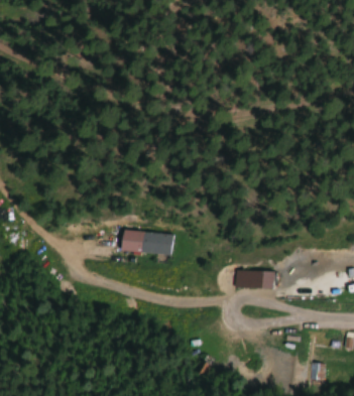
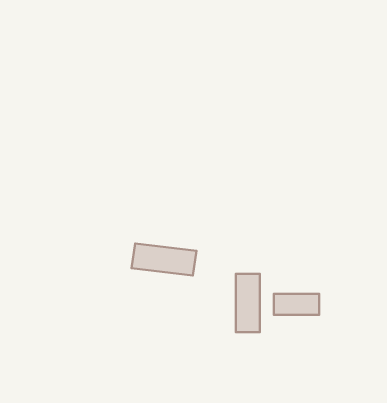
building: none -> [236,274,260,332]

